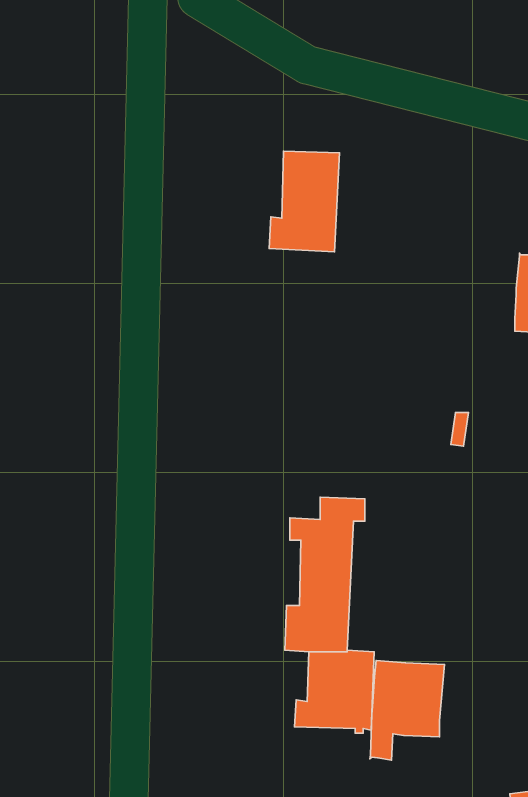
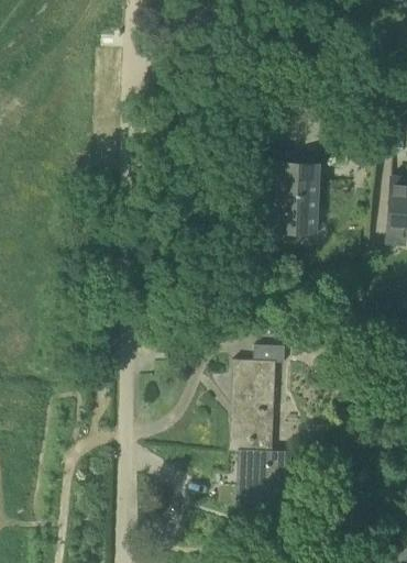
building: [269,151,339,252] -> [268,164,317,233]
building: [370,661,444,760] -> none

